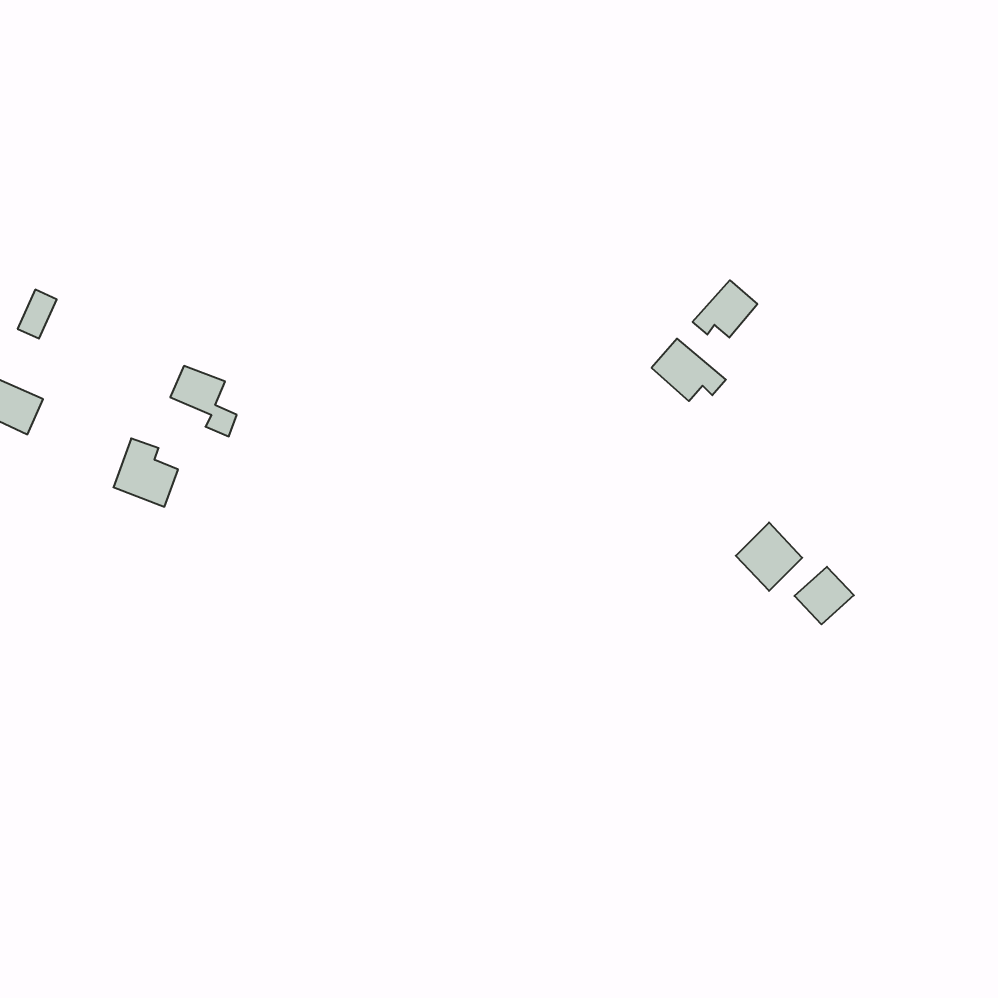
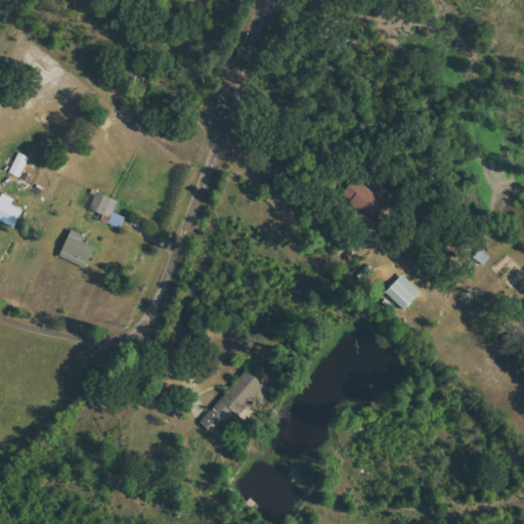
building: [693,280,757,338] -> none
building: [794,567,854,624] -> none
building: none -> [200,368,262,437]

